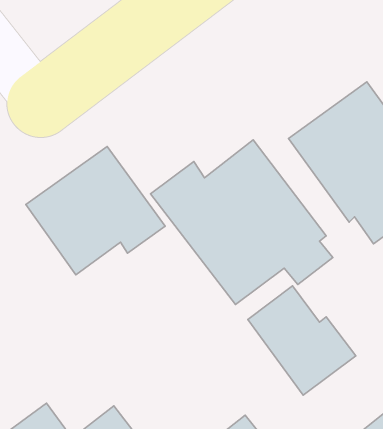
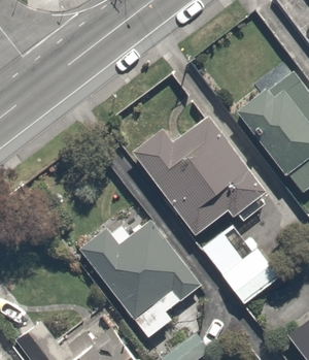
building: [26,146,165,275] -> [95,222,201,320]

